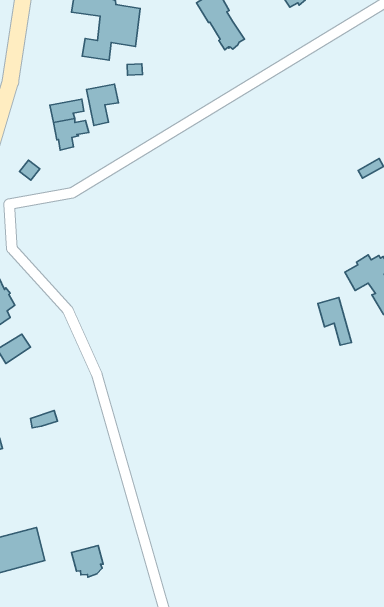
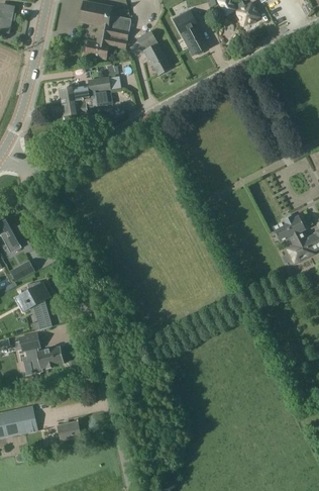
building: none -> [135,30,170,74]
building: [318,298,352,345] -> none
building: none -> [23,280,50,310]
building: none -> [15,332,63,374]

